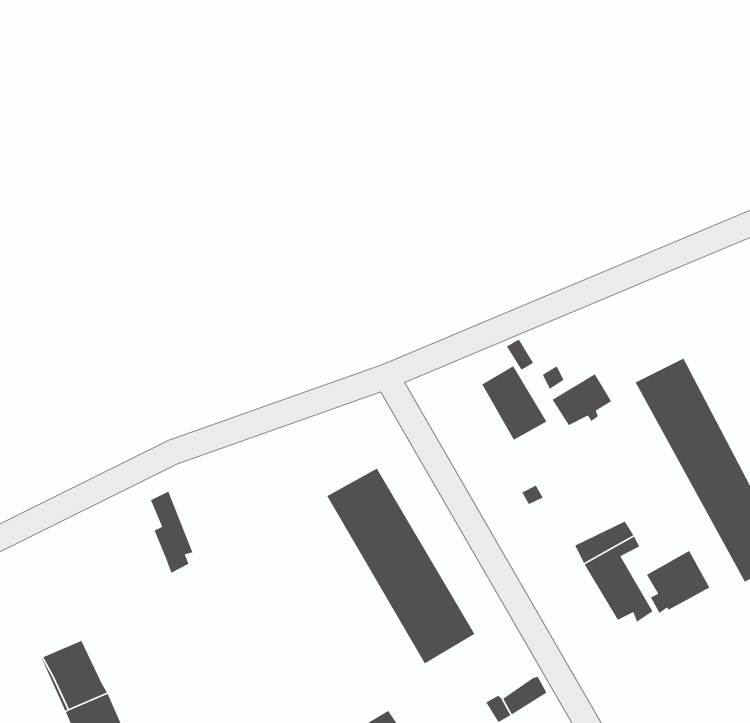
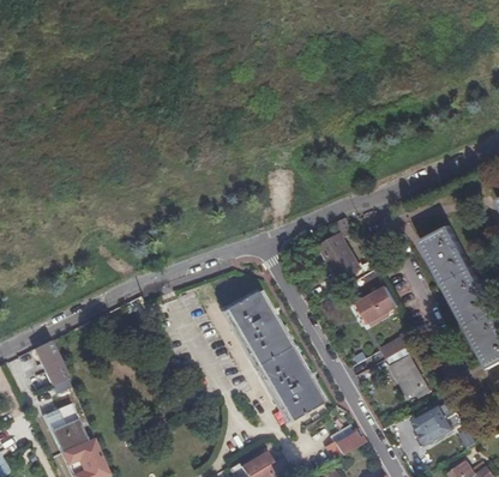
building: [551,373,612,426] -> [361,288,399,321]
building: [150,490,193,574] -> [40,340,67,393]
building: [646,550,710,614] -> [416,405,457,446]

